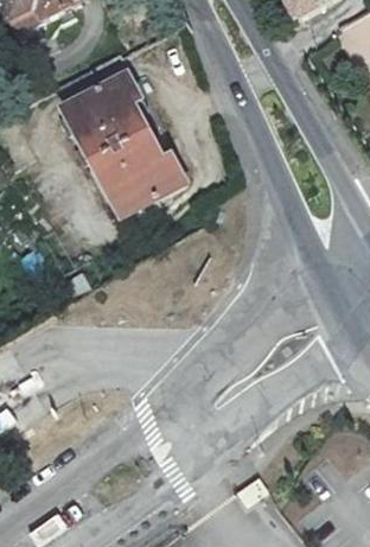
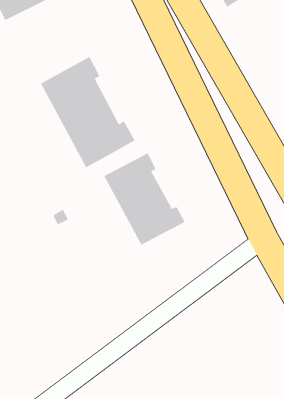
building: none -> [103,153,186,245]

